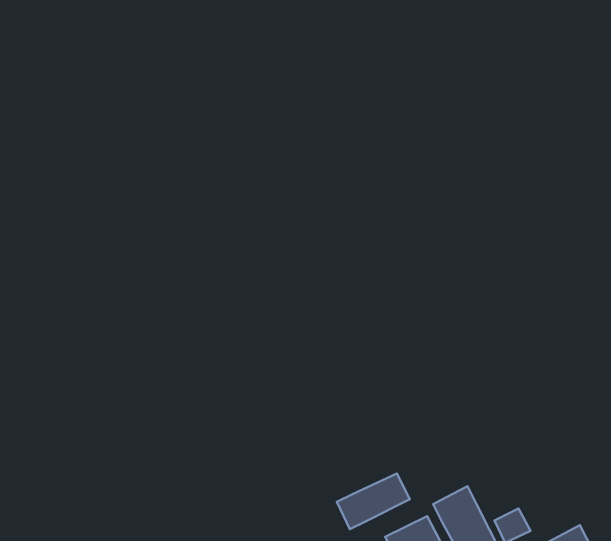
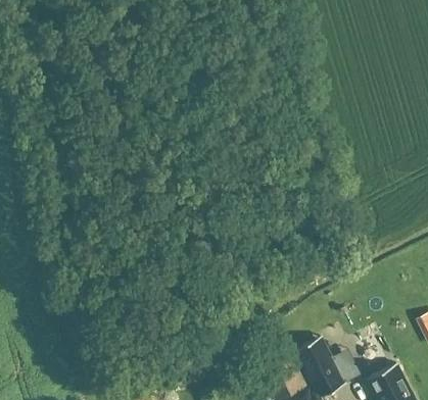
building: [337,474,410,529] -> none

